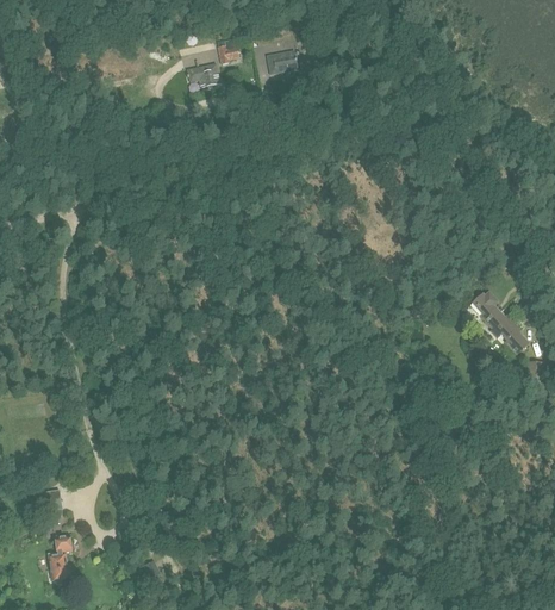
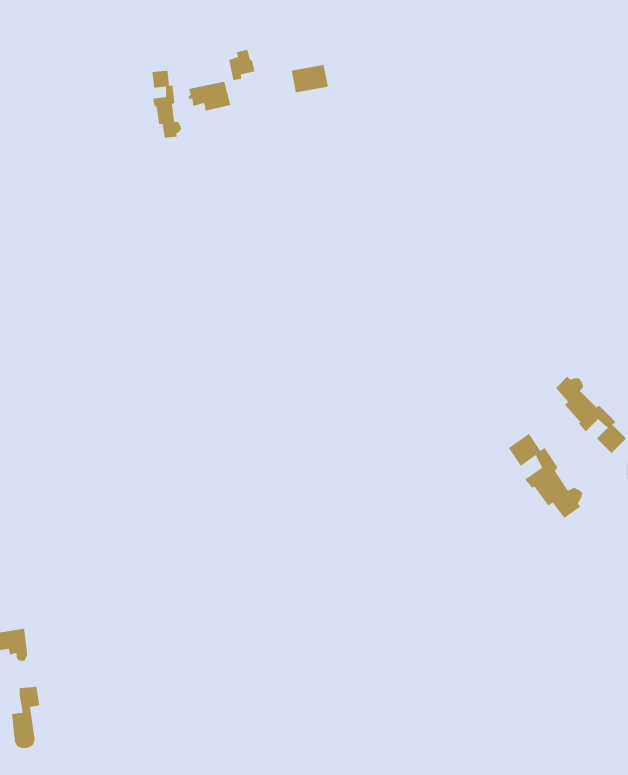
building: none -> [152,70,182,139]
building: none -> [508,433,583,519]

